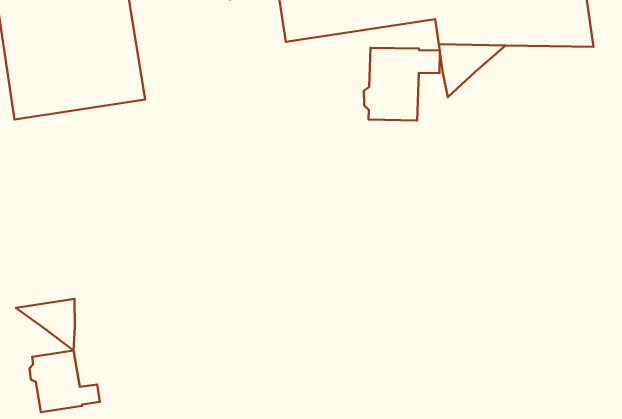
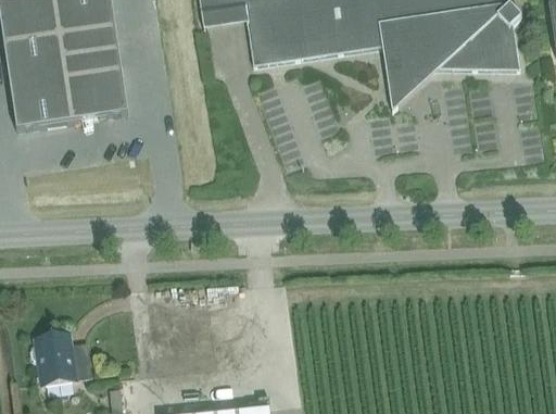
building: [364,48,440,120] -> none
building: [16,299,75,351] -> none

